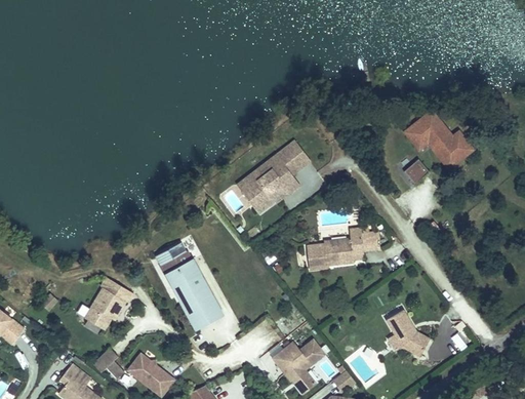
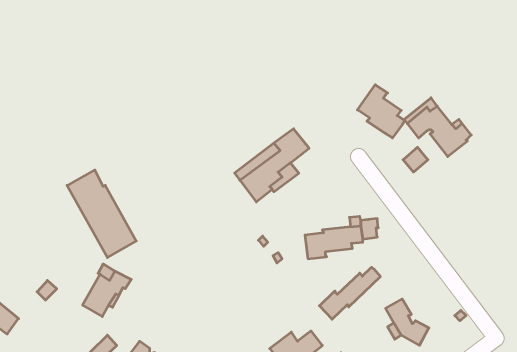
building: none -> [357,85,405,138]
building: [154,239,223,326] -> [67,170,136,258]
building: none -> [319,267,380,319]

